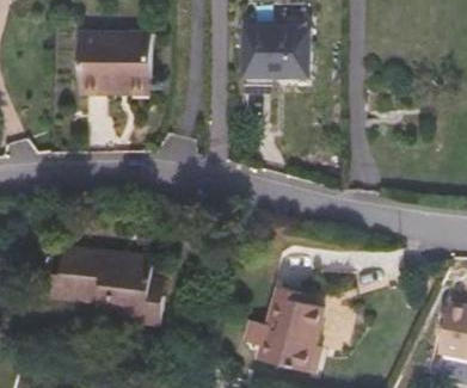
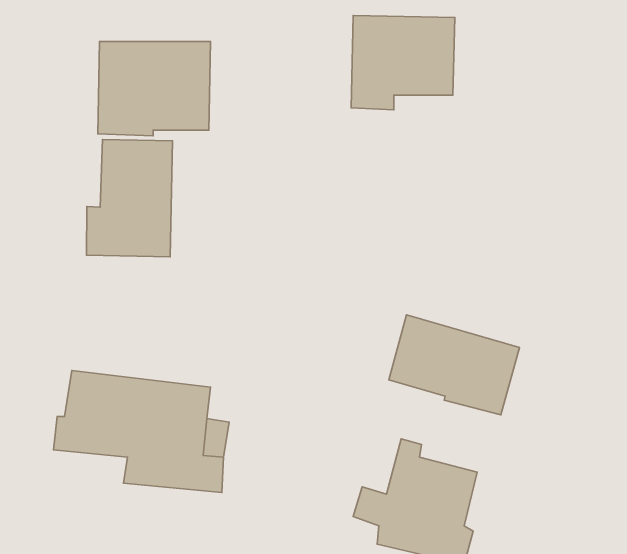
building: none -> [87,140,173,257]
building: none -> [389,315,519,415]

